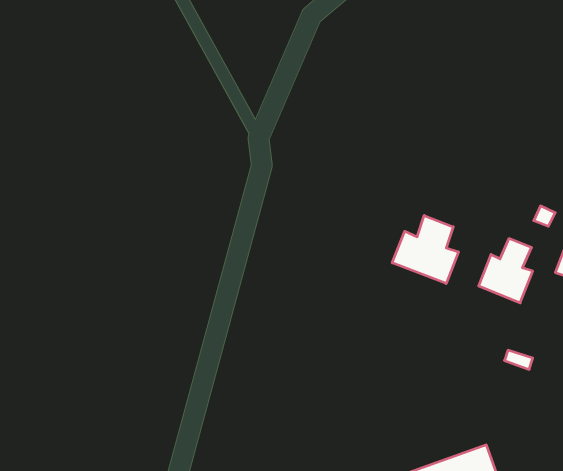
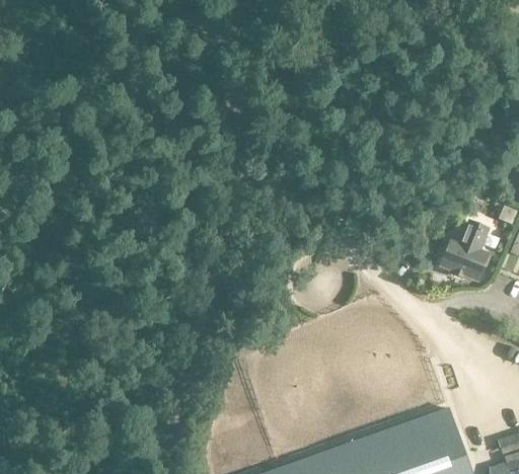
building: [392,215,458,284] -> none

